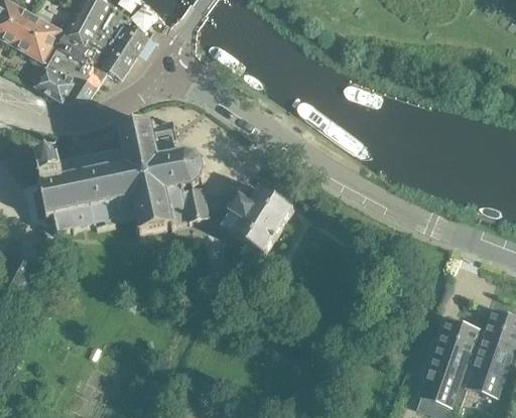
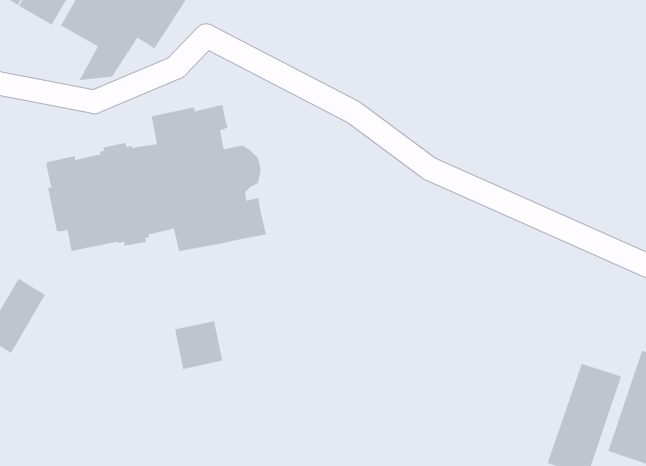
building: [34,60,77,103] -> none
building: [203,188,294,266] -> none
building: none -> [175,320,223,370]

